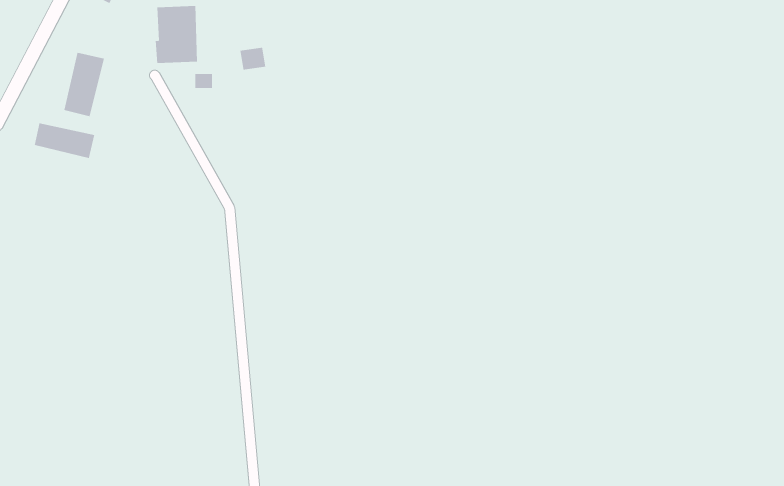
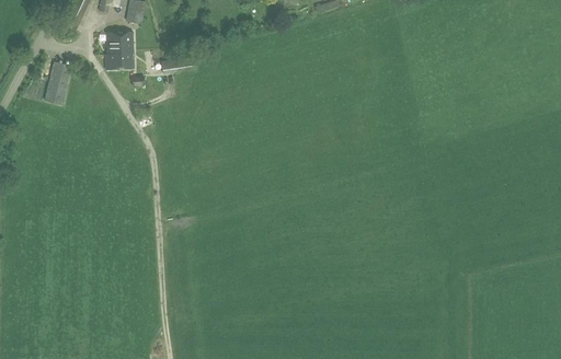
building: [34,123,95,159] -> none

